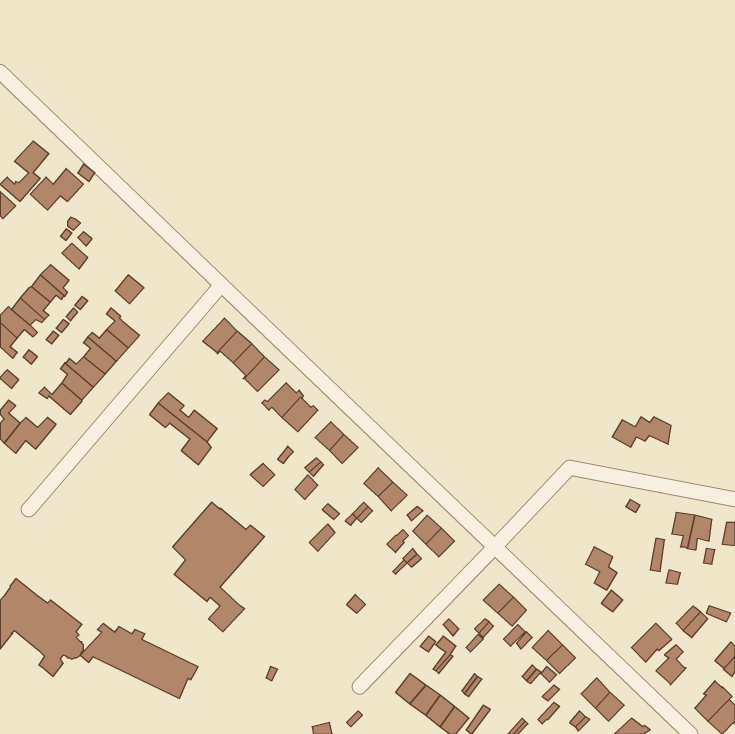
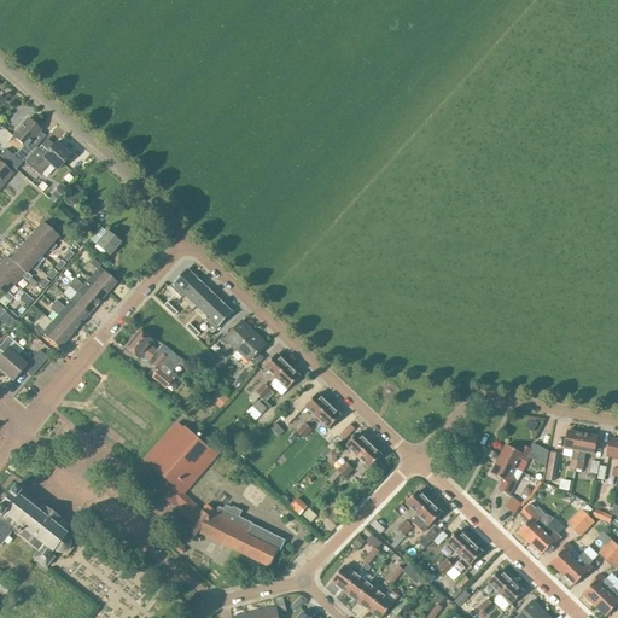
building: [612,417,671,447] -> [499,442,548,467]
building: none -> [518,494,549,543]
building: [80,624,198,698] -> [187,503,286,566]
building: none -> [562,552,595,585]

